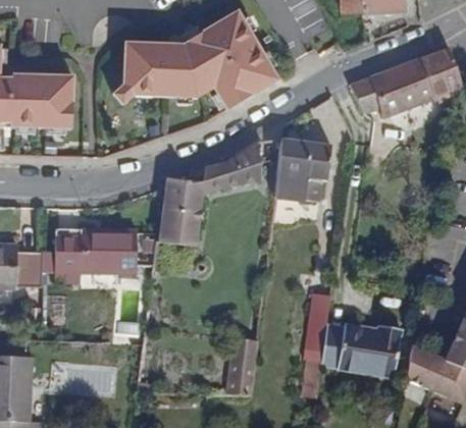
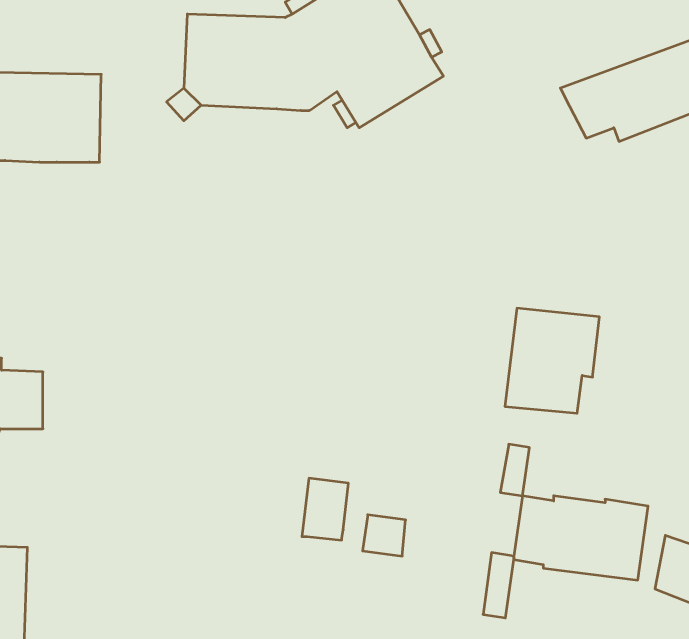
building: [157,139,257,246] -> none
building: [274,139,330,201] -> [505,308,599,413]
building: [55,229,135,283] -> none
building: [226,358,254,394] -> [302,478,348,540]

